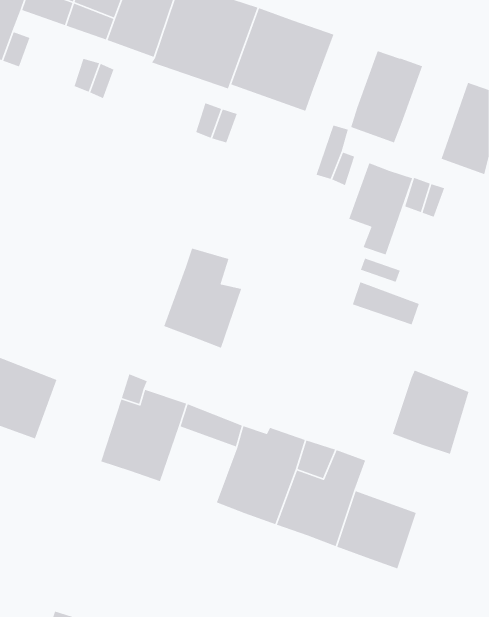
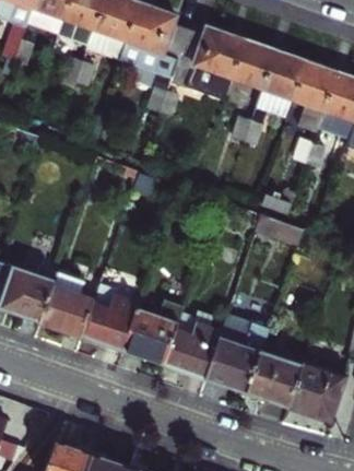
building: none -> [232,43,275,93]
building: [348,162,413,256] -> [293,64,338,129]
building: [163,247,242,349] -> [39,268,94,338]
building: [392,369,470,455] -> [290,367,343,426]
building: none -> [126,314,178,366]

